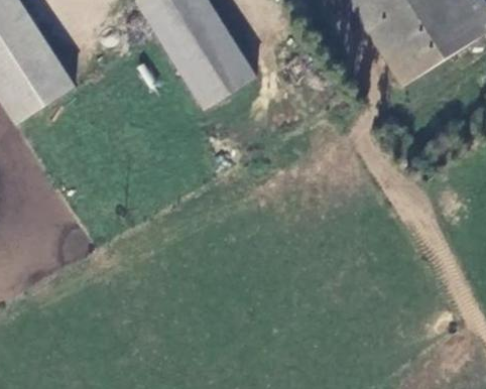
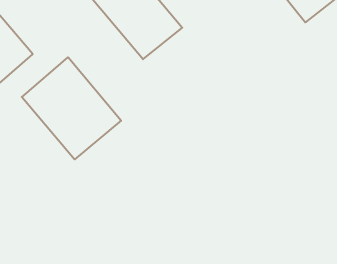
building: none -> [22,57,121,159]

